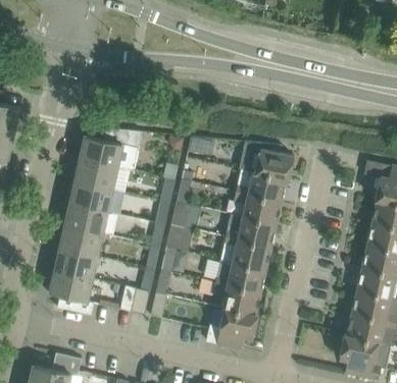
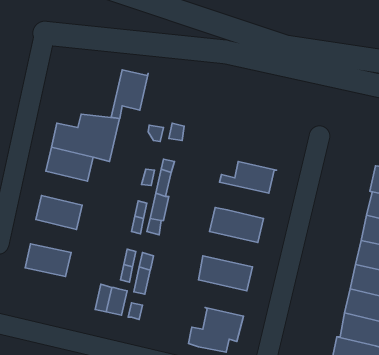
building: none -> [111,70,148,119]
building: [239,141,293,179] -> none
building: [69,180,112,212] -> none
building: [233,190,281,224] -> none
building: [59,225,102,256] -> none
building: [219,236,270,269] -> none
building: [48,270,93,315] -> none
building: [213,281,260,315] -> none

